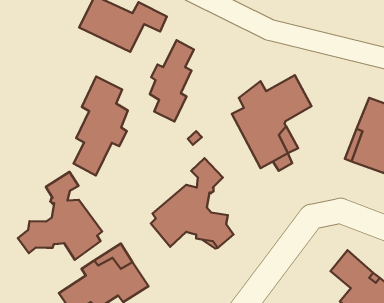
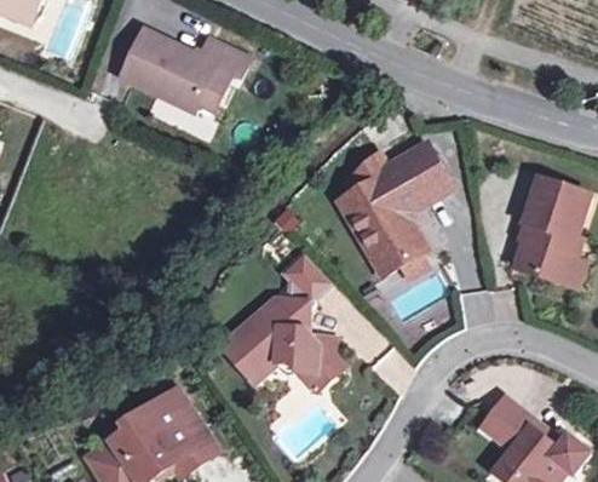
building: [150,40,194,121] -> none
building: [74,76,128,175] -> none
building: [18,172,102,260] -> none

